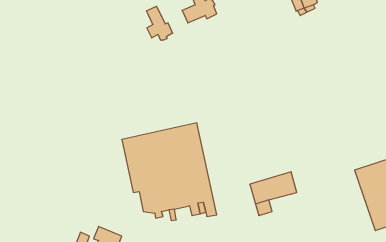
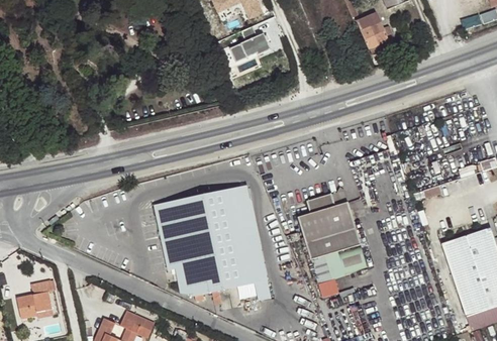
building: [146,6,173,40] -> none
building: none -> [298,193,362,259]
building: none -> [17,279,56,319]

